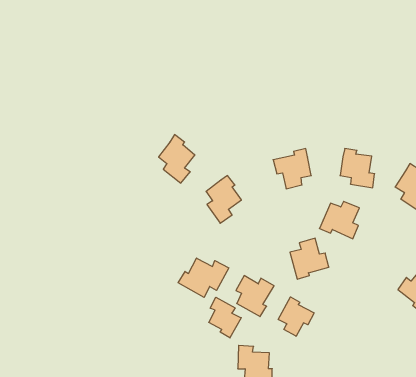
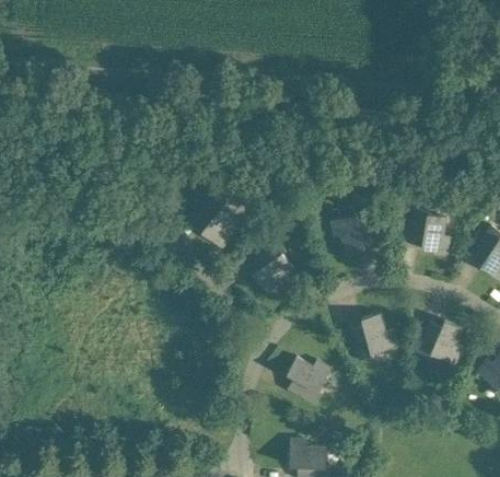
building: [319,201,359,239] -> [416,321,463,364]
building: [178,258,229,297] -> none
building: [278,297,314,336] -> none
building: [209,297,241,338] -> none

